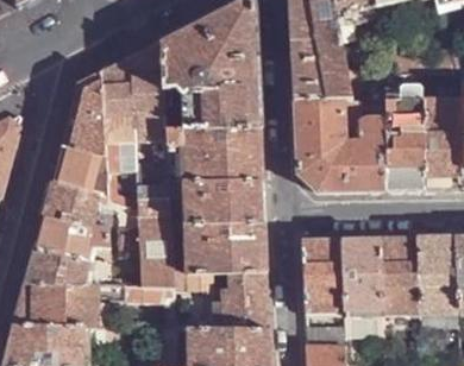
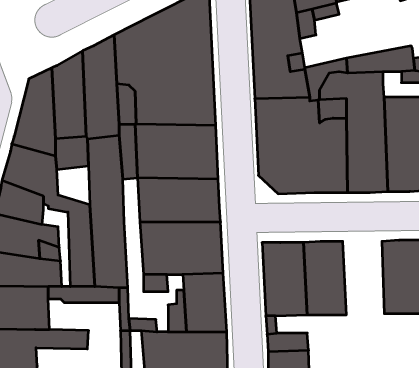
building: [382,239,422,310] -> none

